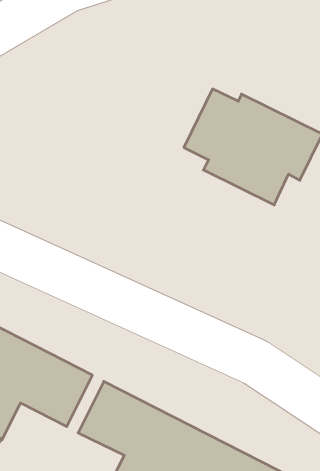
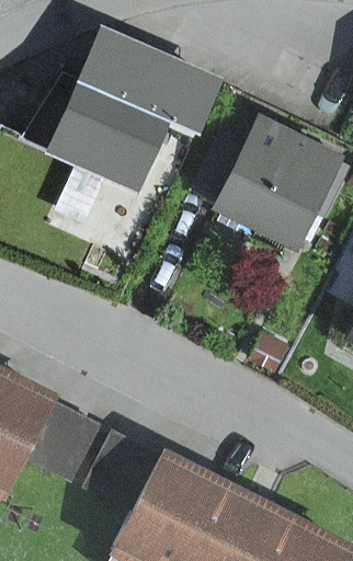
building: none -> [27,70,196,185]

